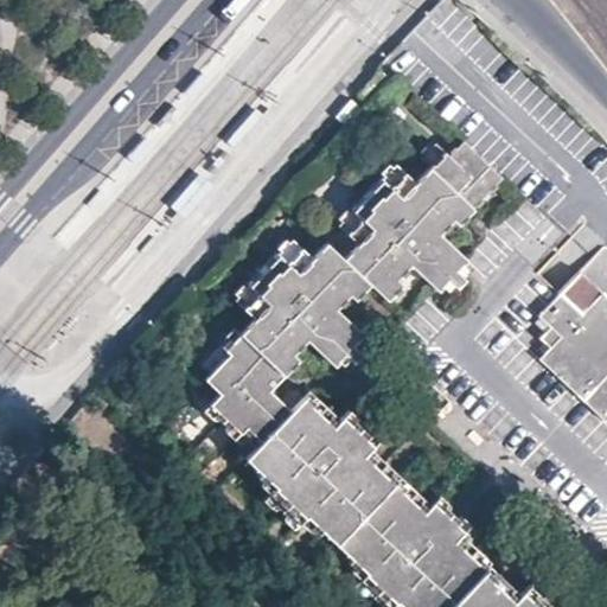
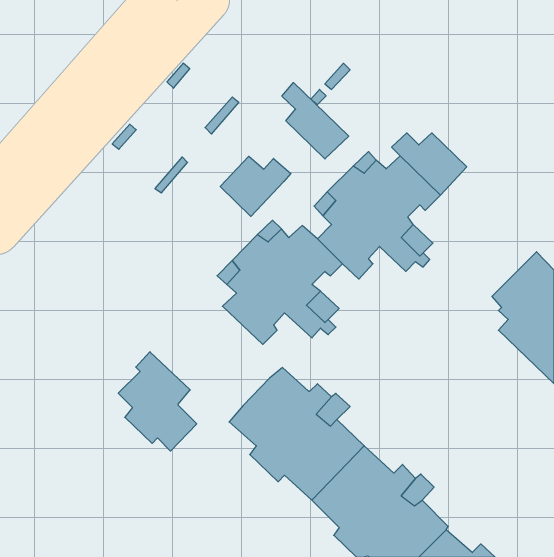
building: none -> [282,83,349,159]
building: none -> [220,156,291,216]
building: [207,333,293,441] -> [118,352,197,451]

